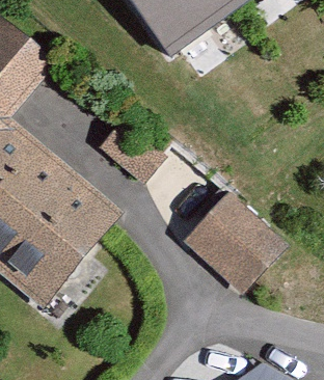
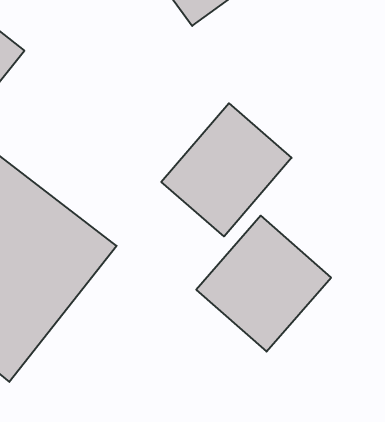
building: none -> [161,103,292,236]

